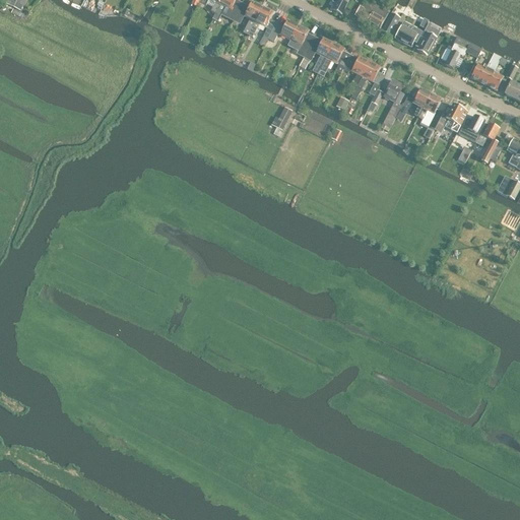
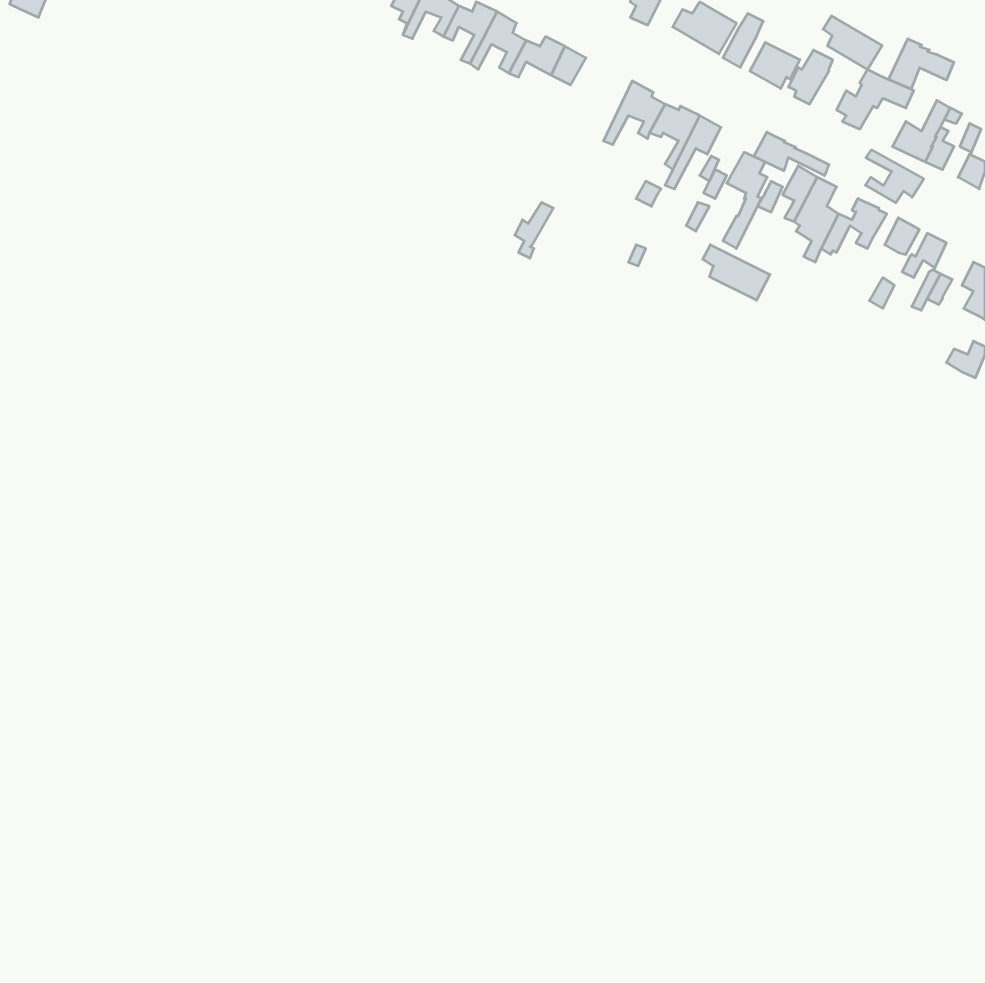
building: none -> [823,16,882,69]
building: none -> [888,39,954,89]
building: [300,38,333,74] -> none
building: none -> [754,132,829,176]
building: none -> [865,150,924,203]
building: none -> [703,245,770,300]

